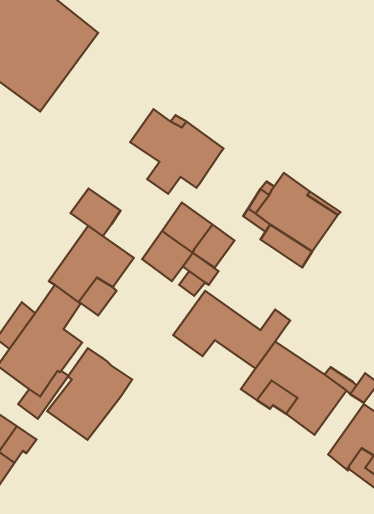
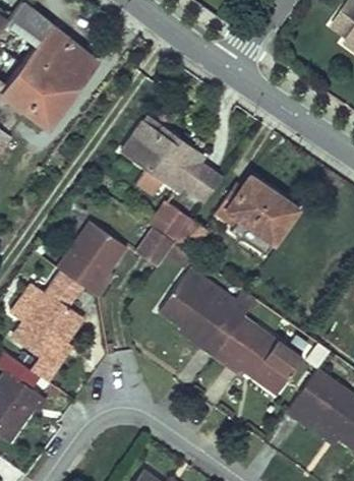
building: none -> [181,161,222,202]
building: [70,189,121,236] -> none
building: none -> [183,315,227,356]
building: [47,348,132,440] -> none

